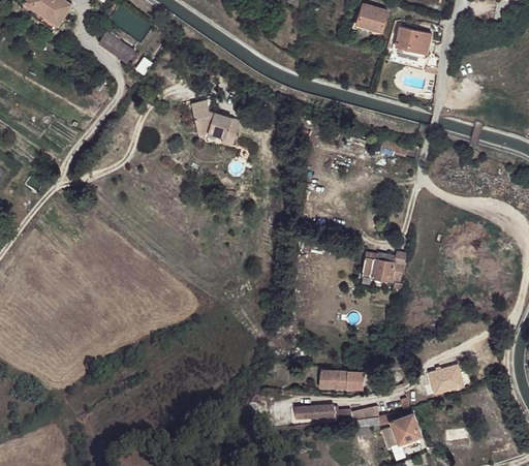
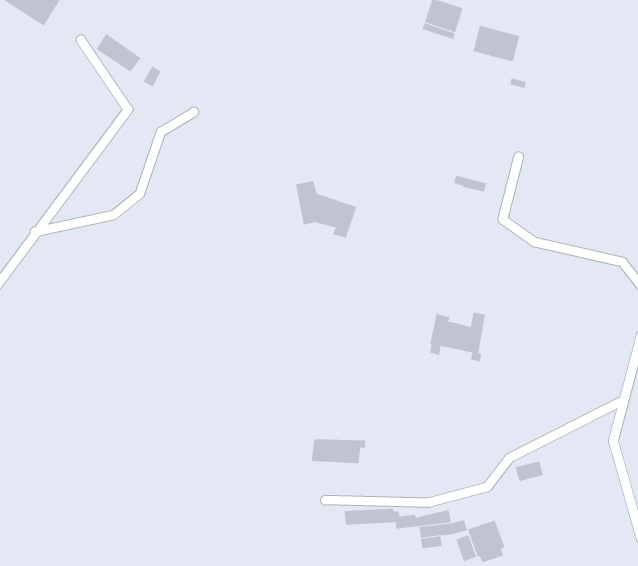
building: [191,100,240,146] -> [295,180,357,238]
building: [431,365,463,394] -> none
building: [319,371,363,391] -> [311,439,366,464]

